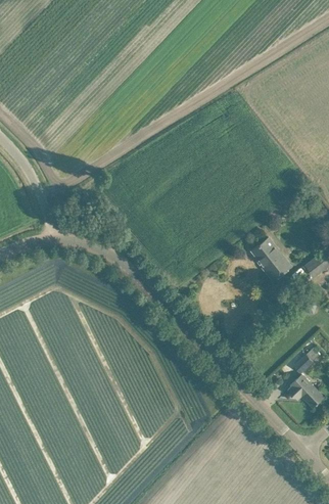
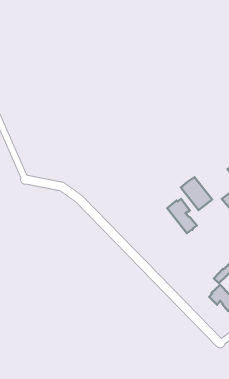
building: none -> [167,199,197,233]

